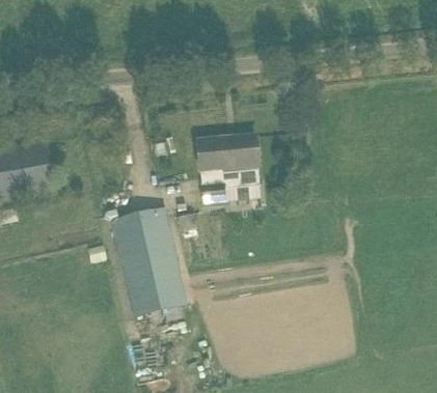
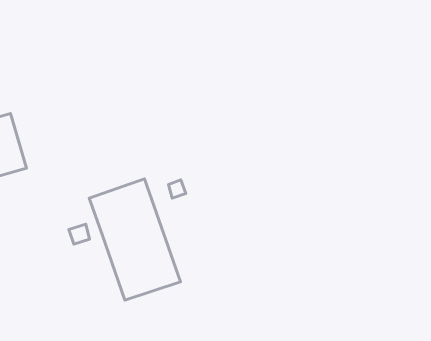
building: [198,132,262,204] -> none

